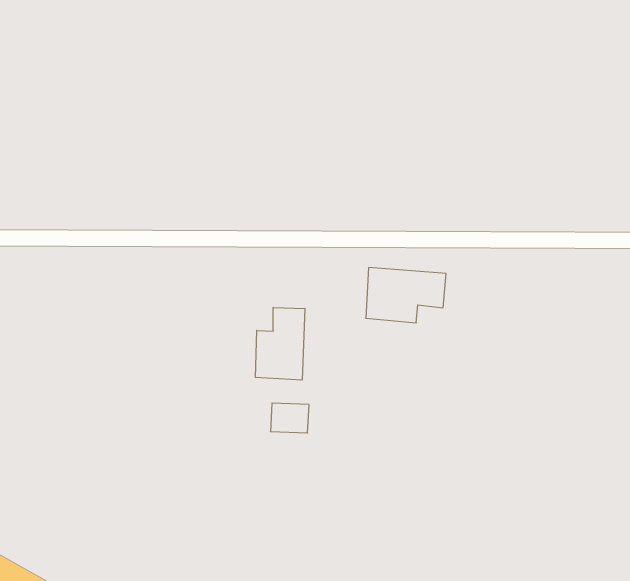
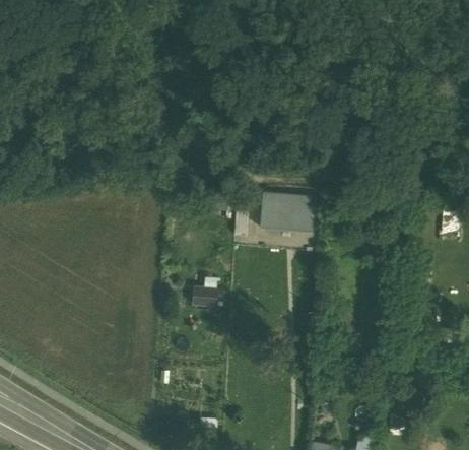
building: [255,307,305,380] -> none

